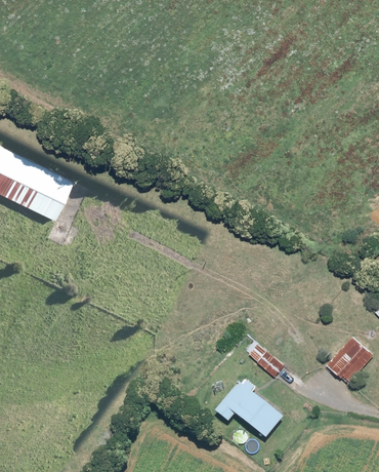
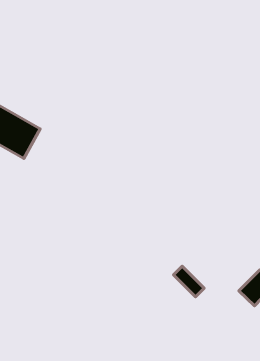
building: [216,380,283,439] -> none

